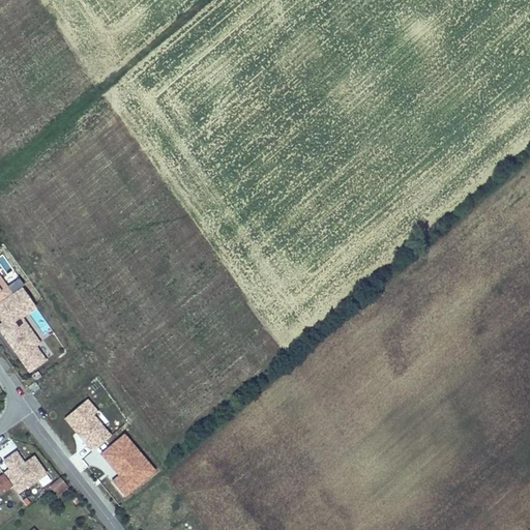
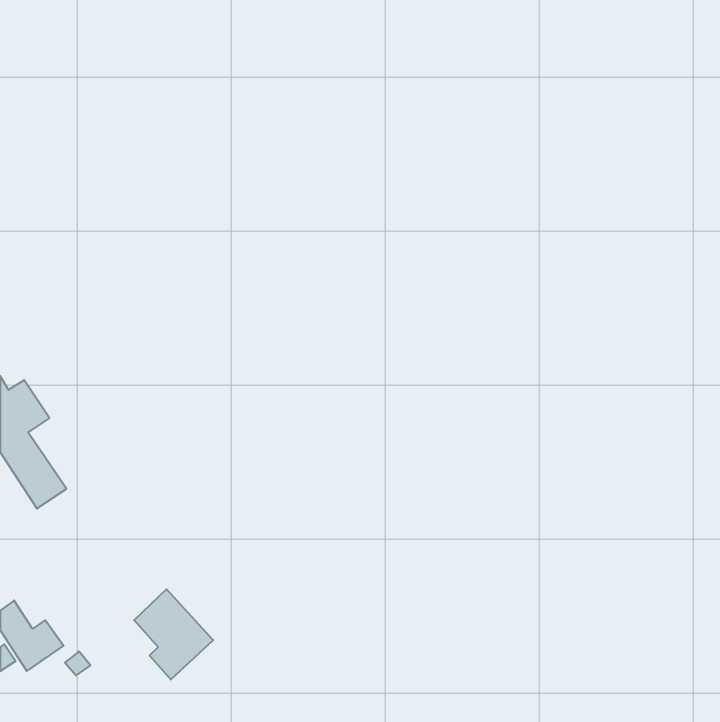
building: [63,399,113,451] -> none

